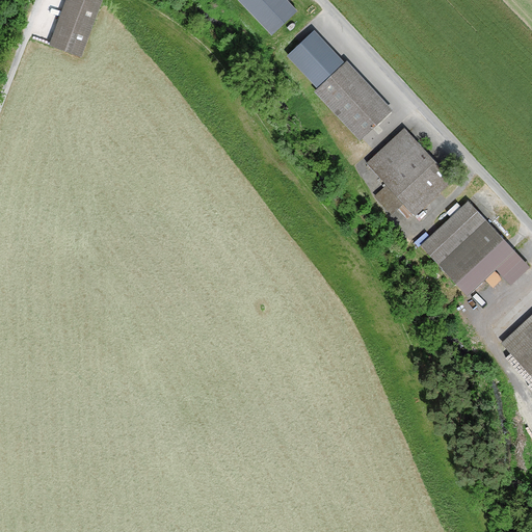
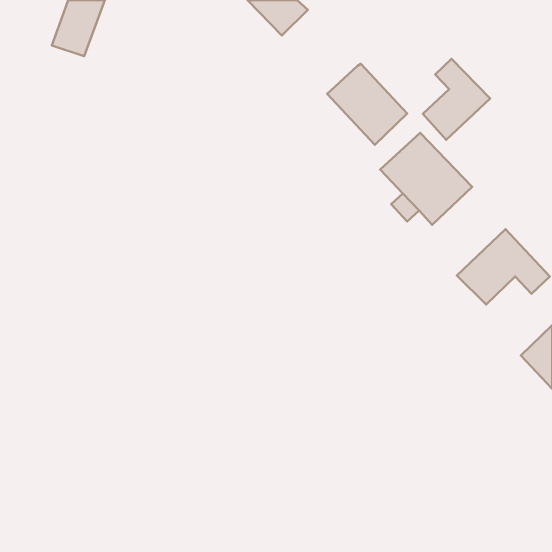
building: [288,31,344,87] -> none
building: none -> [423,59,490,140]
building: [421,201,486,265] -> none

